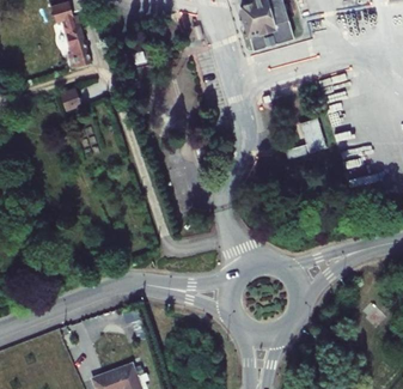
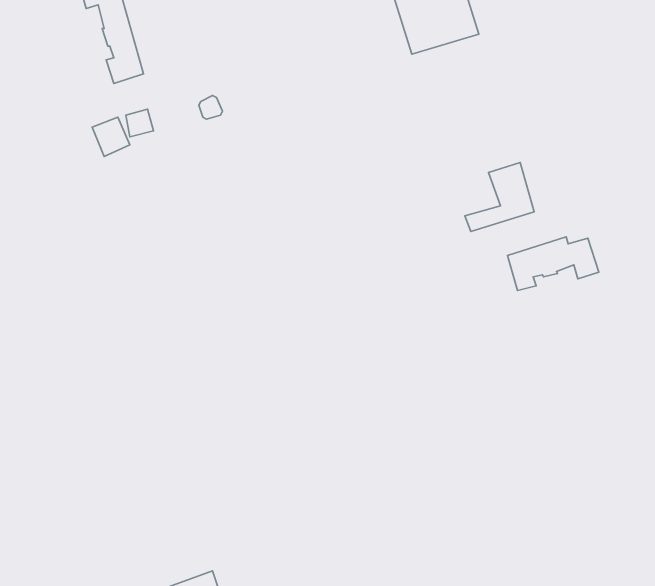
building: none -> [508,237,599,290]

